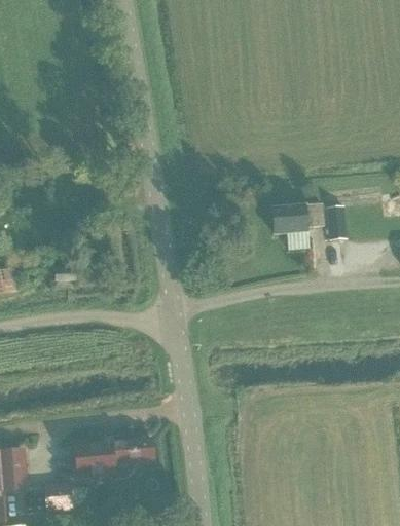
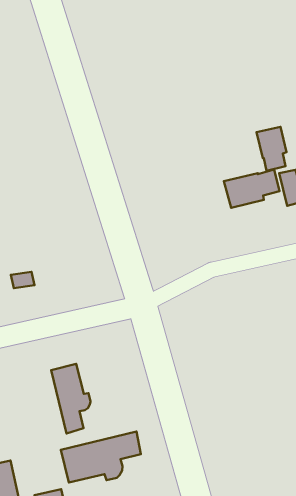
building: none -> [256,127,287,171]
building: none -> [51,364,91,433]

